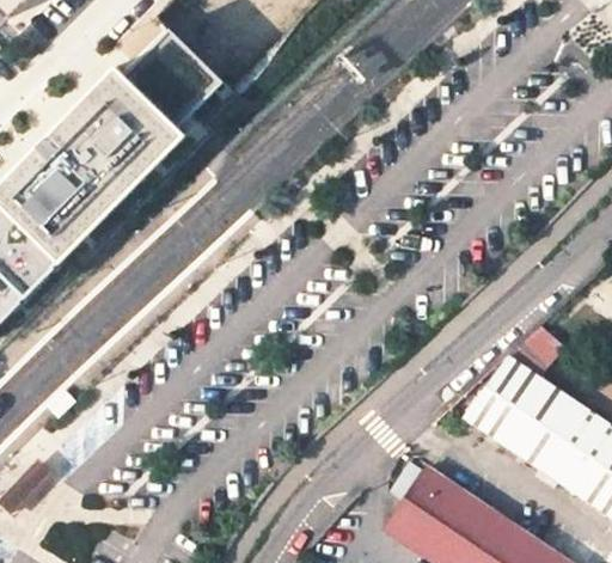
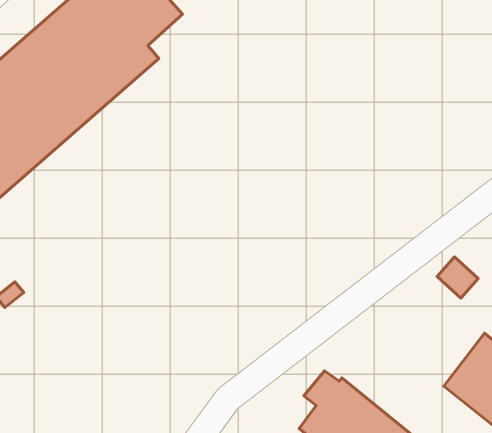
building: [463,354,576,465] -> none

